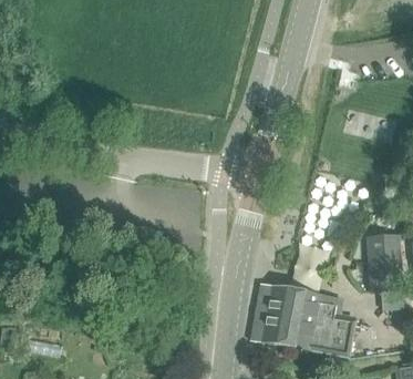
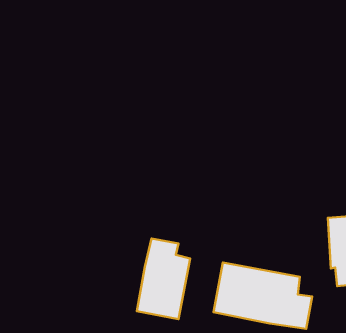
building: none -> [137,239,190,319]

